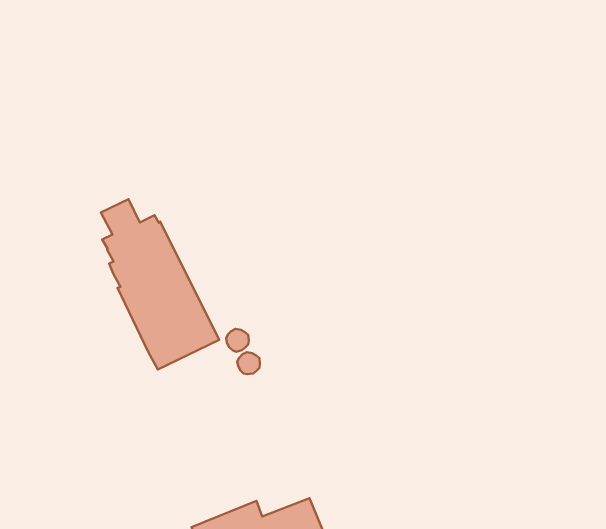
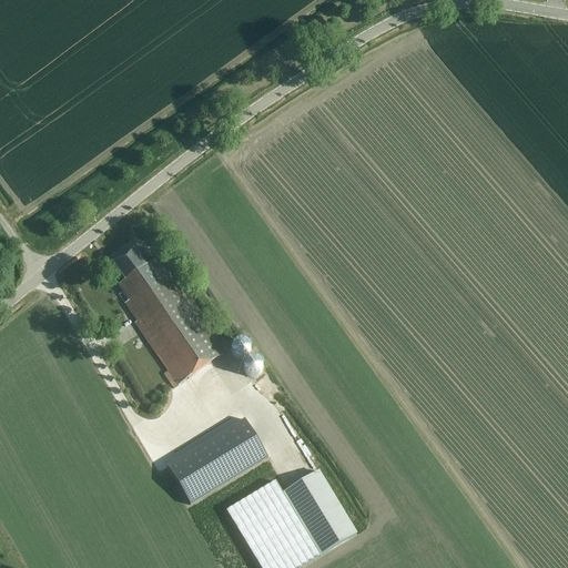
building: none -> [165,417,266,503]

